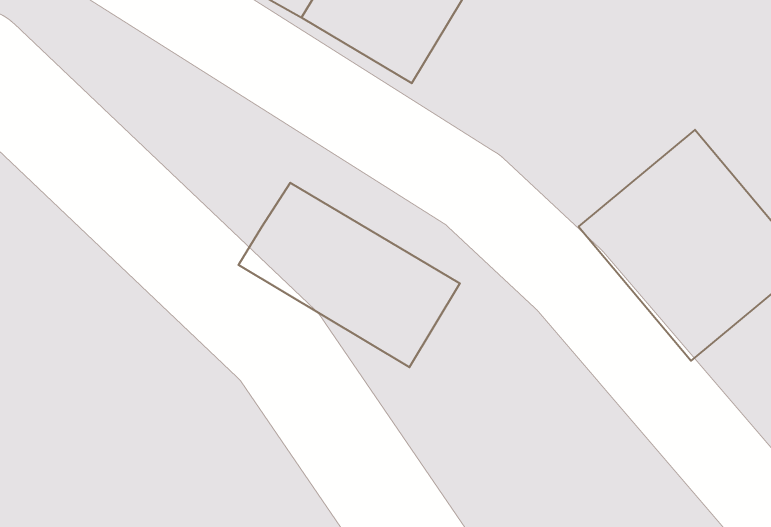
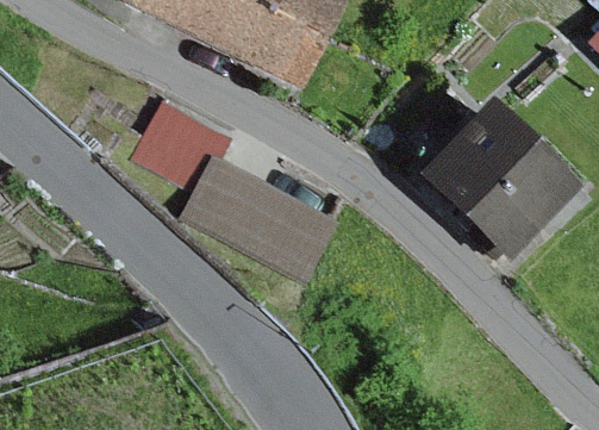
building: none -> [136,99,230,189]

